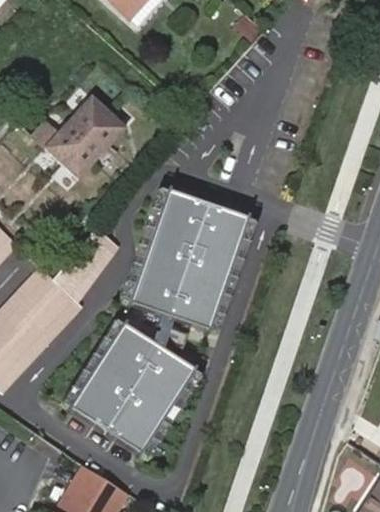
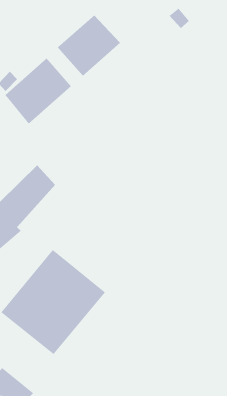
building: none -> [57,14,121,76]
building: [131,191,247,329] -> none

